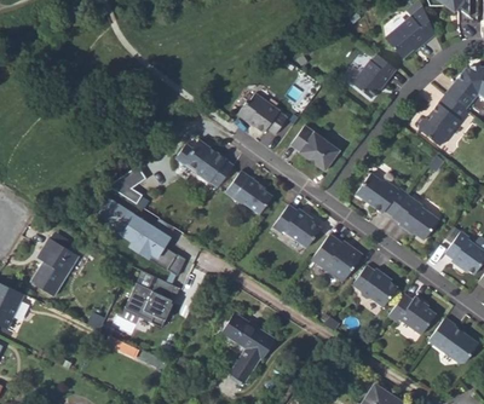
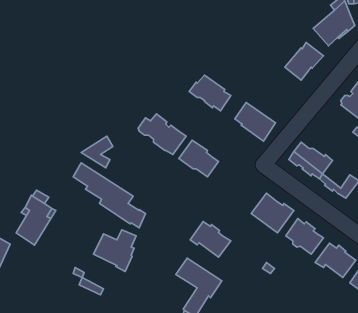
building: [396,196,428,229] -> none
building: [272,206,321,248] -> [190,221,231,257]

